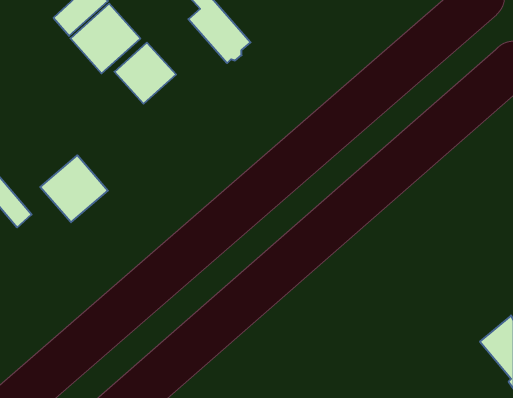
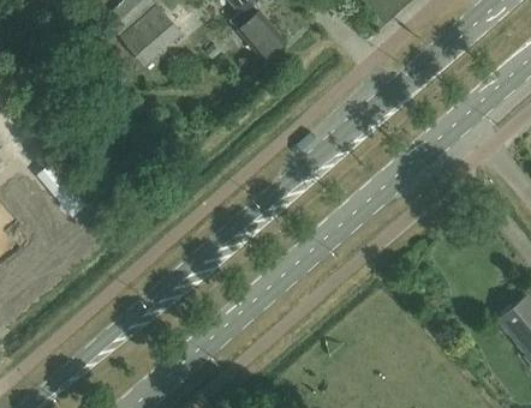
building: [114,43,176,104] -> none
building: [40,155,108,222] -> none

